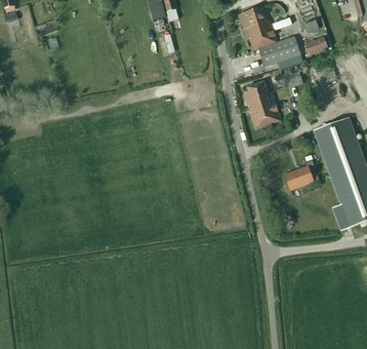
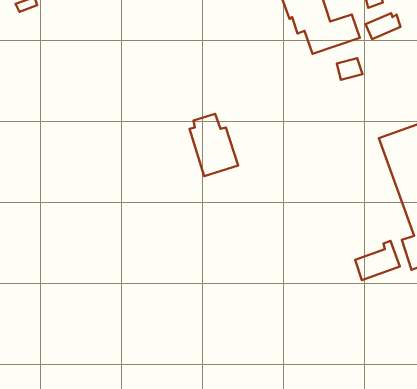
building: [244,81,281,128] -> [189,114,238,176]
building: [285,160,319,190] -> [355,241,400,280]

